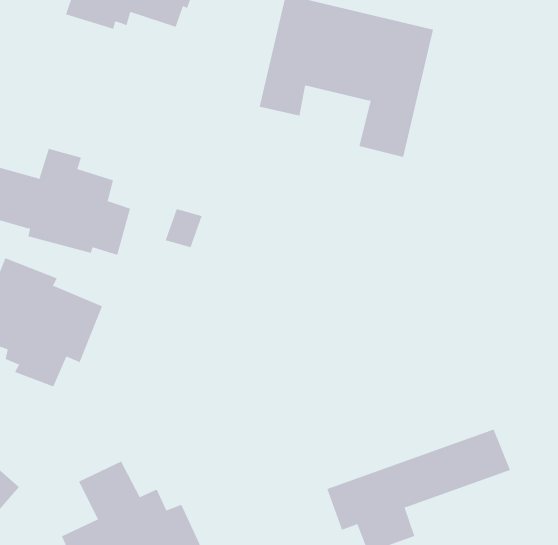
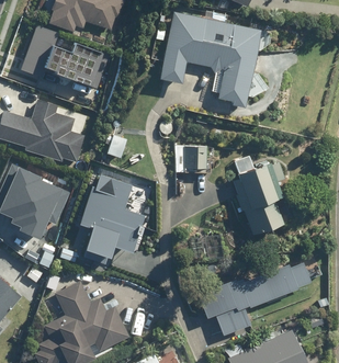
building: none -> [20,25,106,89]
building: none -> [176,145,206,172]
building: none -> [234,155,284,236]
building: none -> [80,172,146,259]

